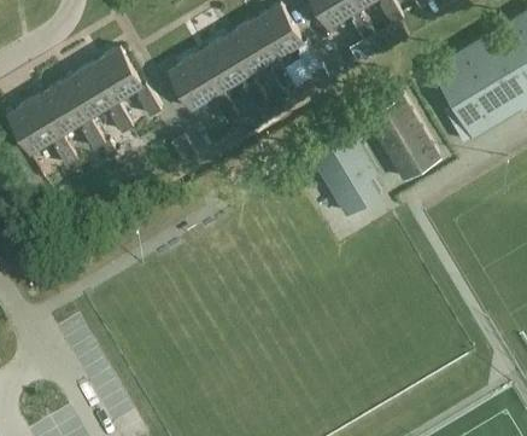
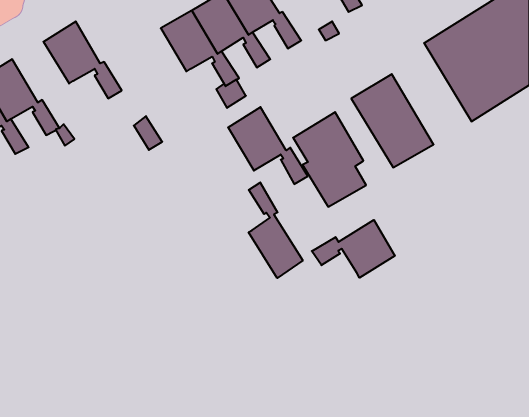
building: [166,54,238,123] -> [228,107,308,184]
building: [63,66,133,134] -> none
building: none -> [249,182,303,278]
building: none -> [312,220,395,278]

